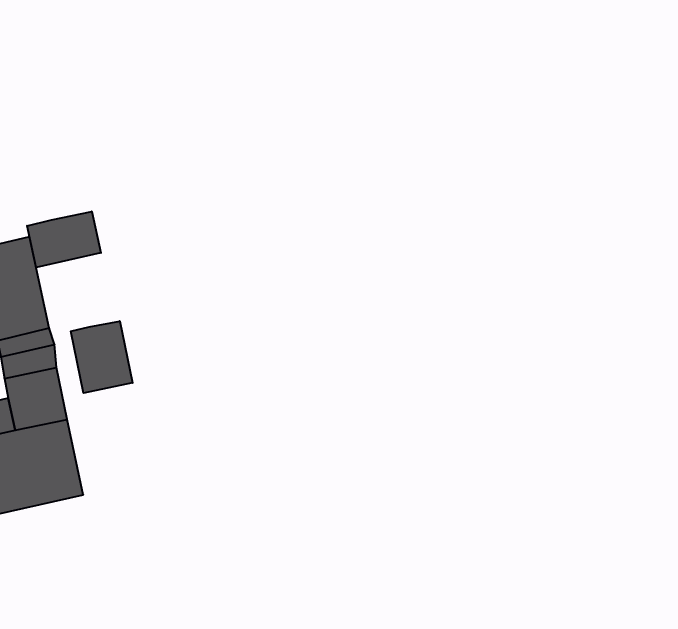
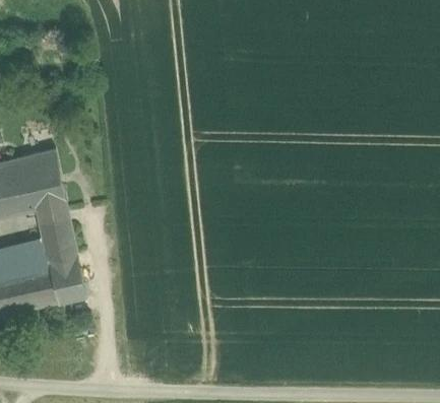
building: [27,211,101,267] -> none
building: [71,321,133,393] -> none

